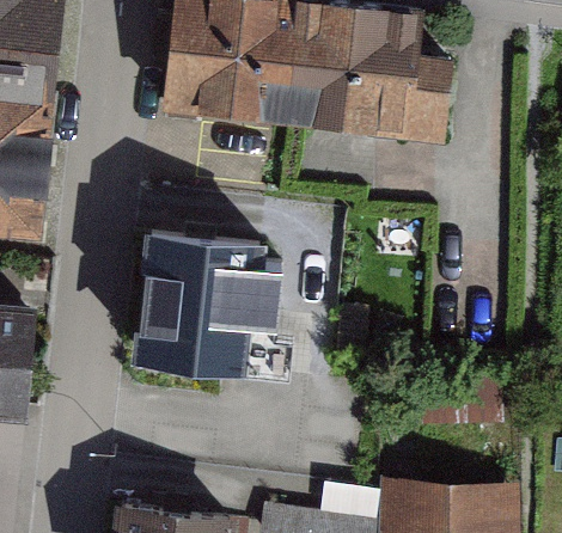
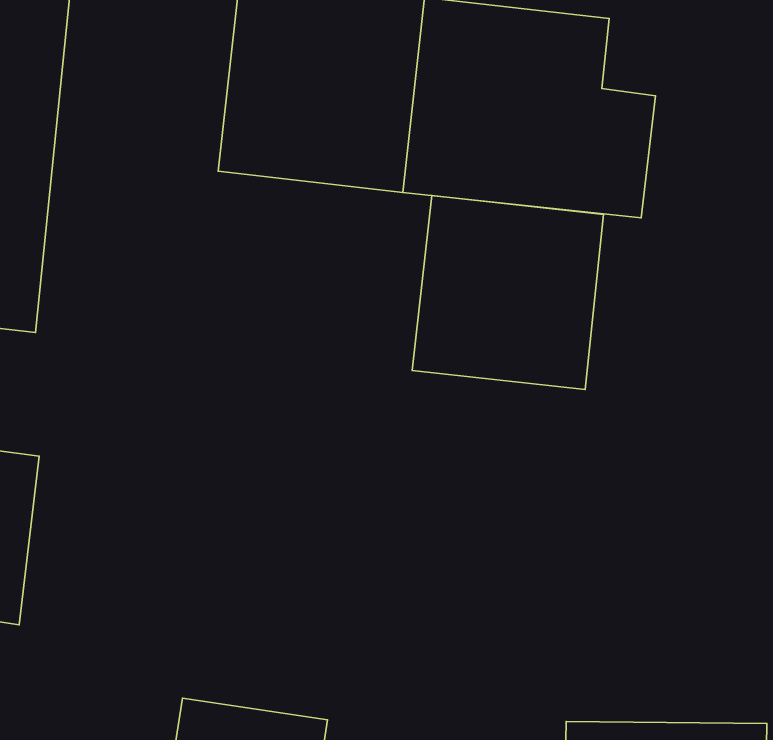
building: none -> [412,196,603,390]
building: [139,234,255,357] -> none

